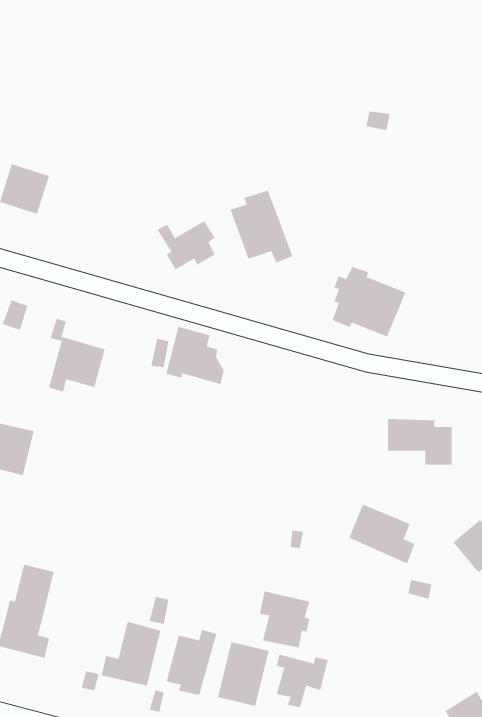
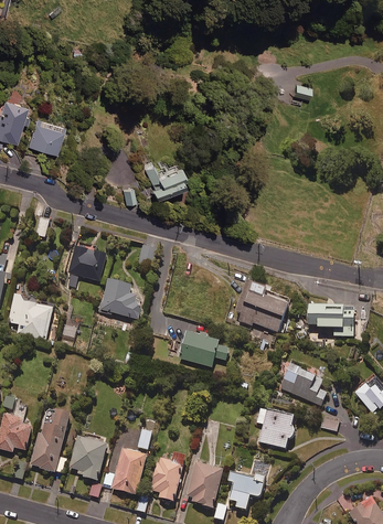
building: [230,190,293,264] -> none
building: [332,266,406,337] -> [236,279,289,330]
building: [166,326,224,385] -> [97,276,139,318]
building: none -> [177,329,228,365]
building: [259,591,310,648] -> [255,405,291,446]
building: none -> [67,434,105,479]

